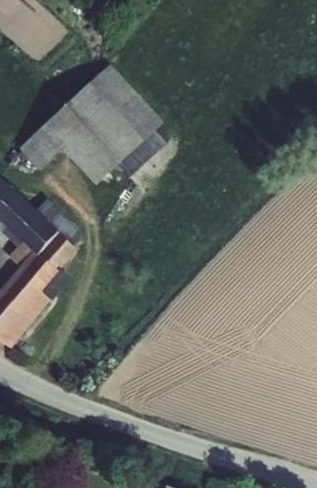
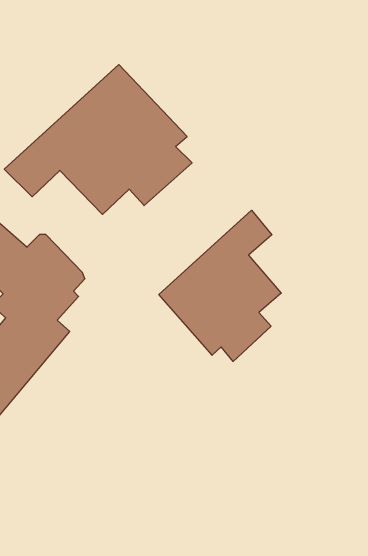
building: none -> [159,210,281,361]

